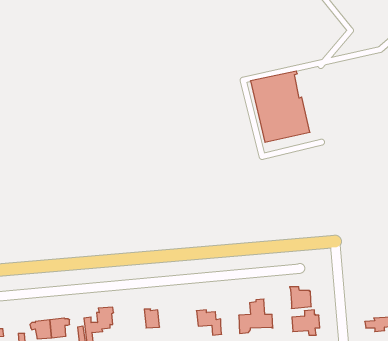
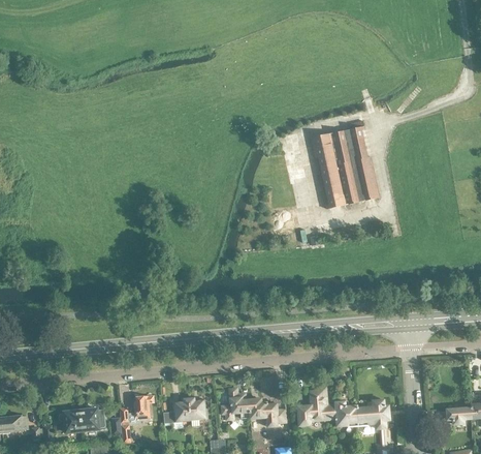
building: [290,287,311,308] -> [335,401,360,426]
building: none -> [223,388,252,420]
building: none -> [164,398,192,423]

